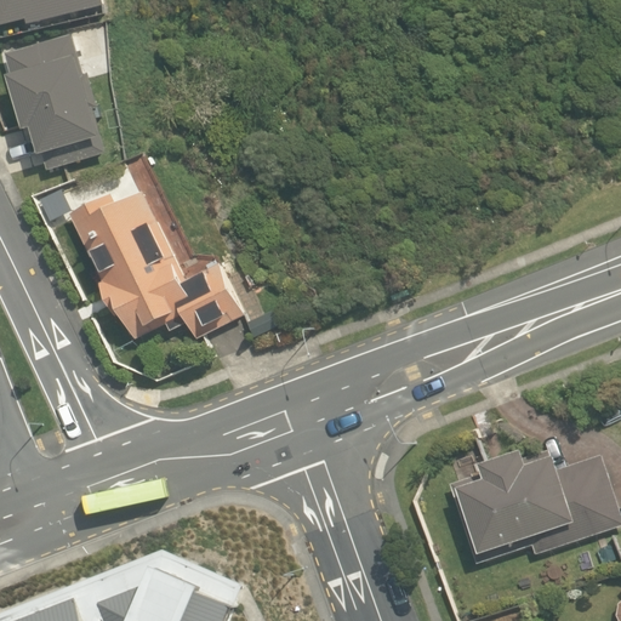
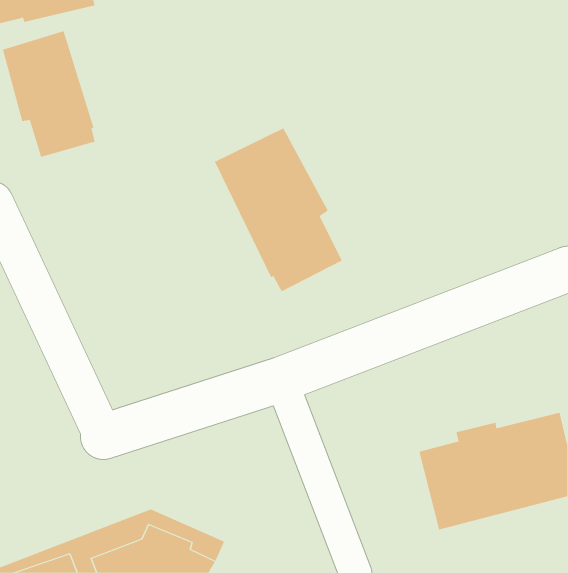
building: none -> [214,127,343,292]
building: [67,190,243,340] -> none

